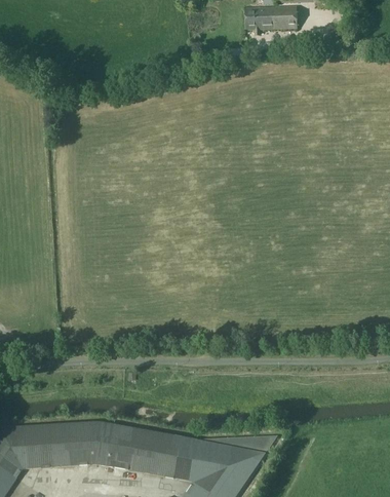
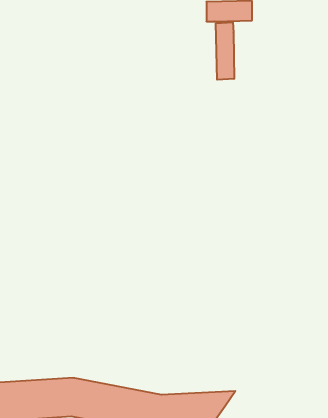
building: none -> [216,22,234,80]

